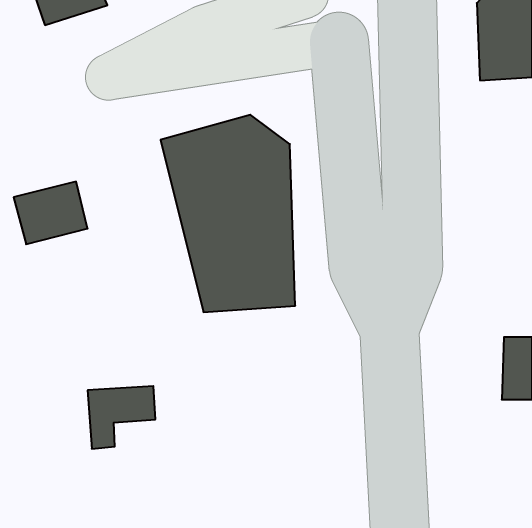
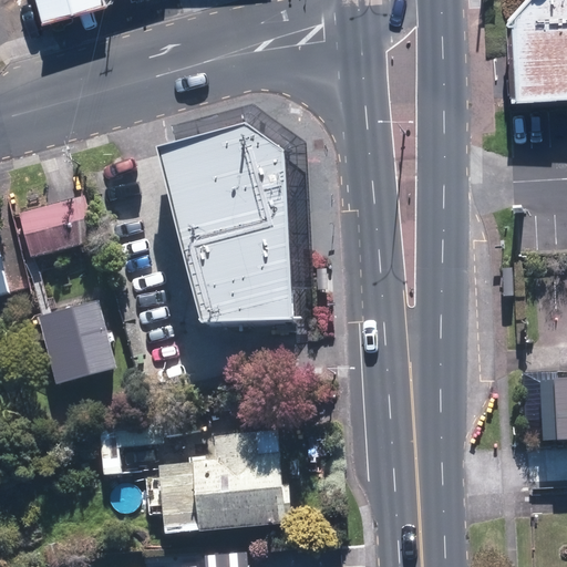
building: none -> [34,299,114,388]
building: none -> [143,429,291,535]

